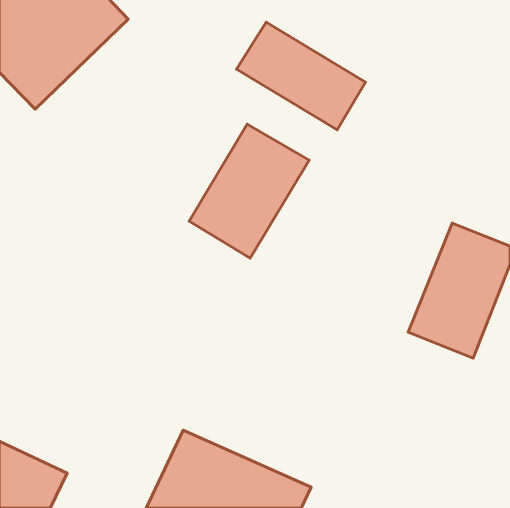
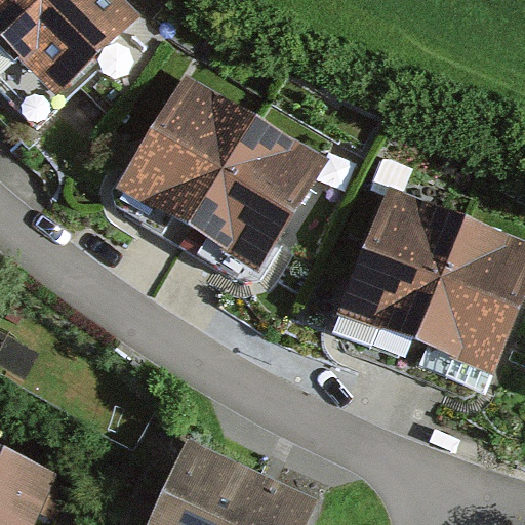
building: [236,22,366,130] -> none
building: none -> [130,89,253,227]
building: none -> [351,202,463,340]

